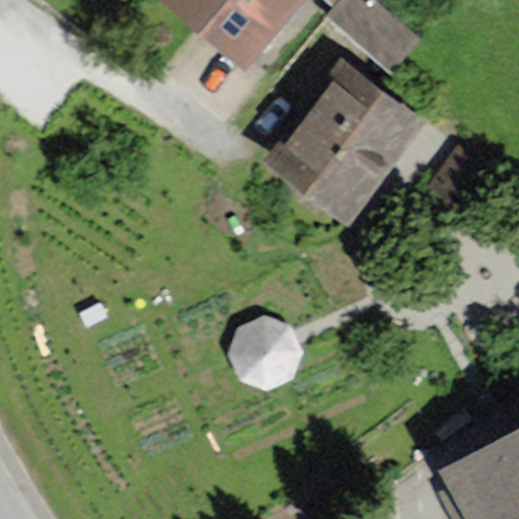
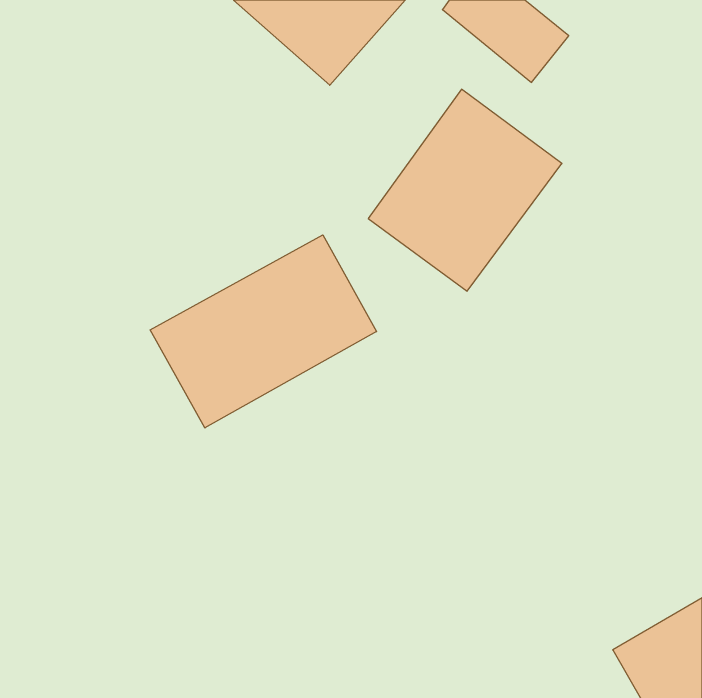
building: none -> [150,235,377,428]
building: [226,309,304,388] -> none

